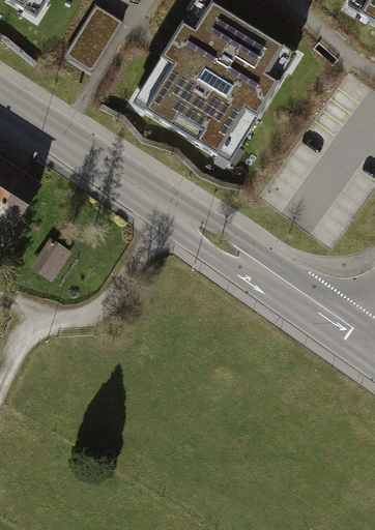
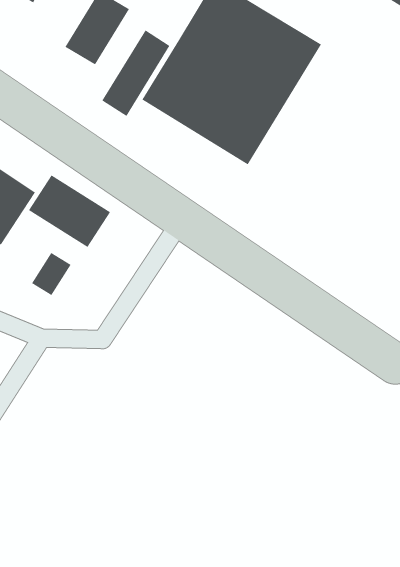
building: none -> [102,29,170,117]
building: none -> [28,175,111,248]

